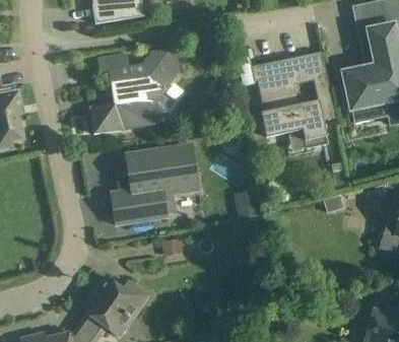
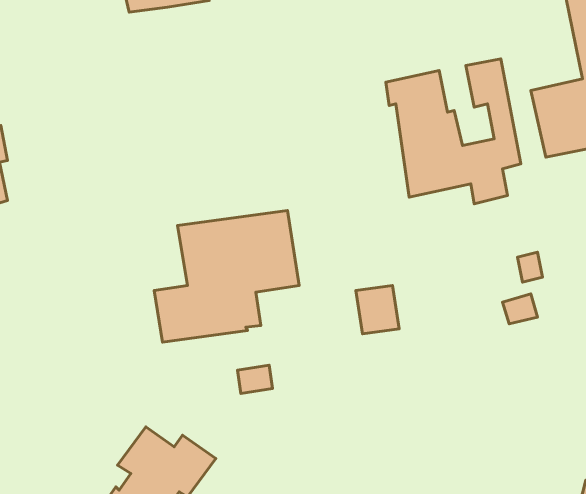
building: [89,49,180,134] -> none

